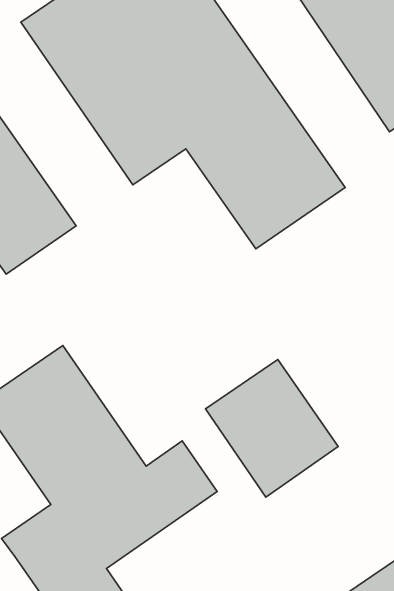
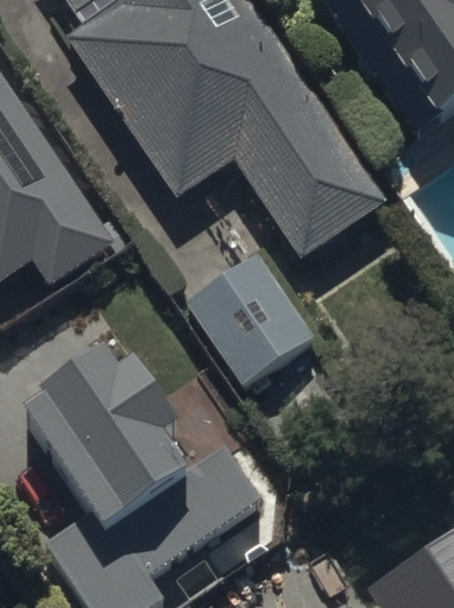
building: [206,360,338,497] -> [184,251,315,386]

